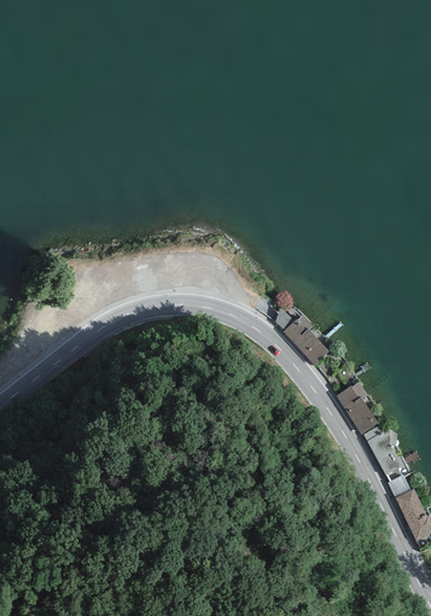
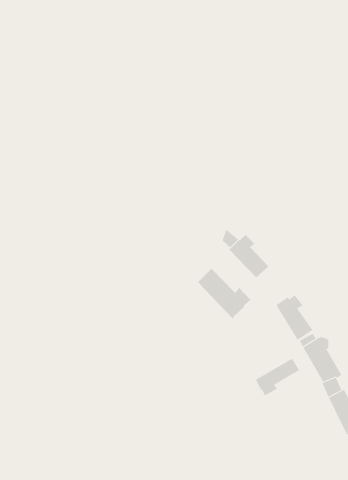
building: none -> [197,268,251,319]
building: none -> [254,358,300,396]

